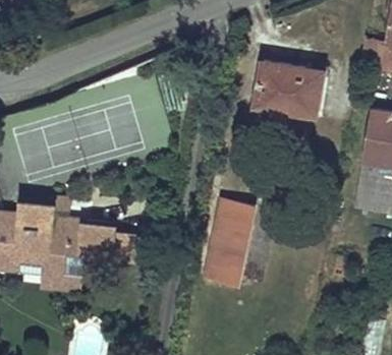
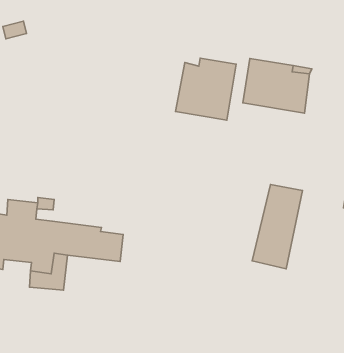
building: none -> [175,58,236,120]
building: [205,200,255,284] -> [252,184,303,269]

